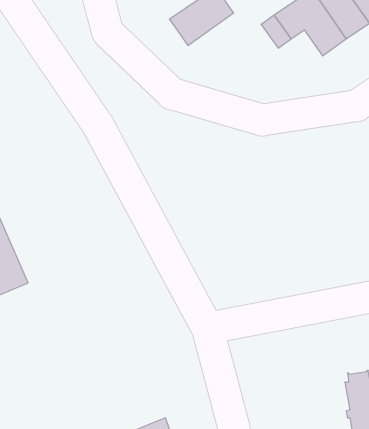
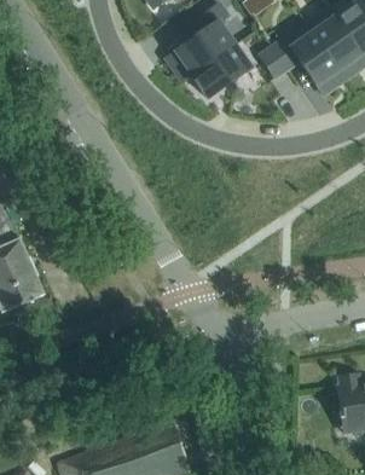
building: none -> [191,45,250,98]

